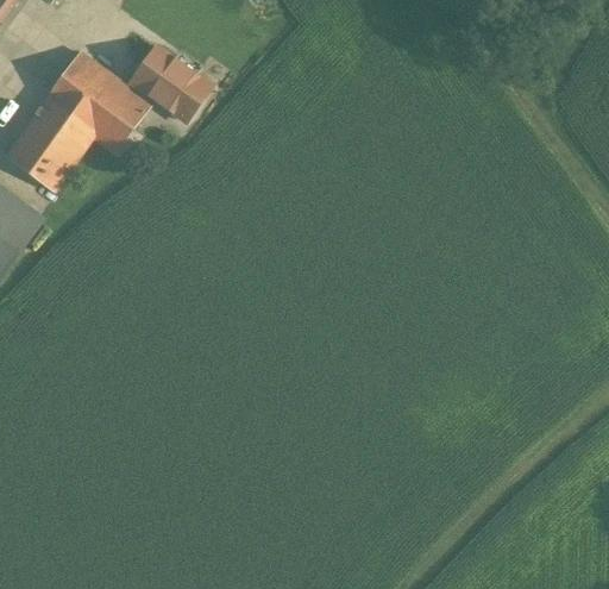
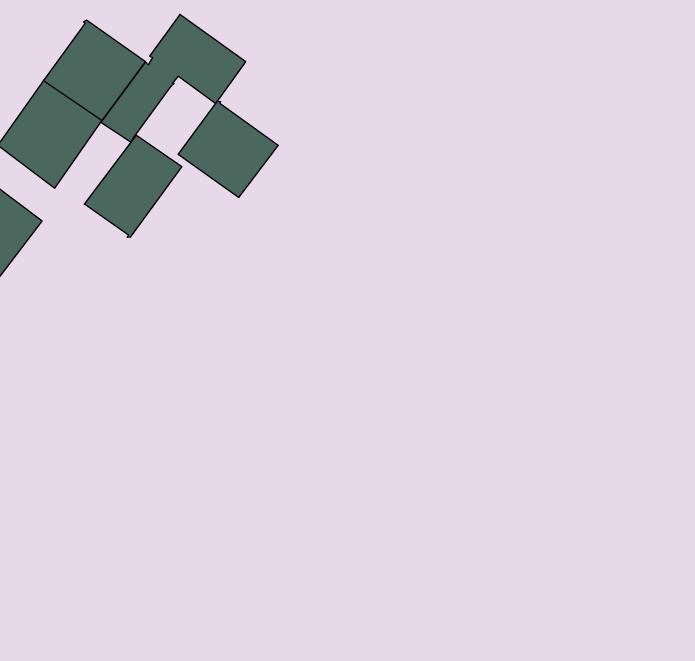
building: none -> [178,101,278,197]
building: none -> [84,135,182,237]

